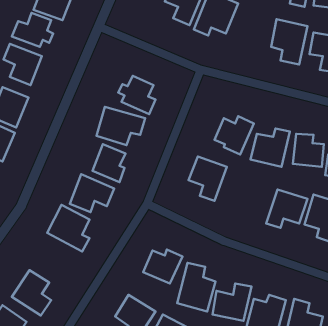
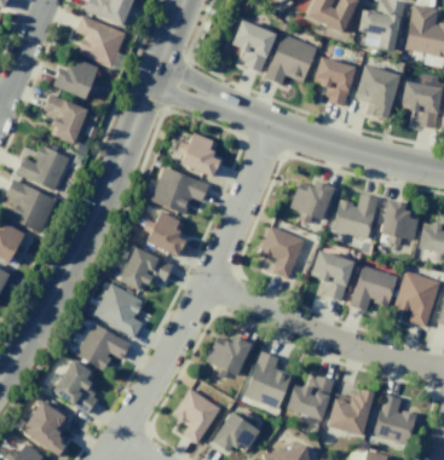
building: none -> [313,57,356,107]
building: none -> [310,249,354,300]
building: none -> [75,323,131,370]

